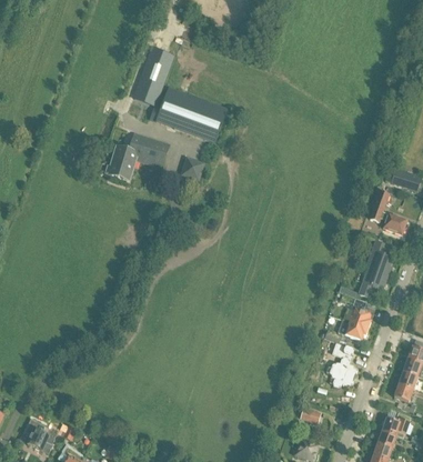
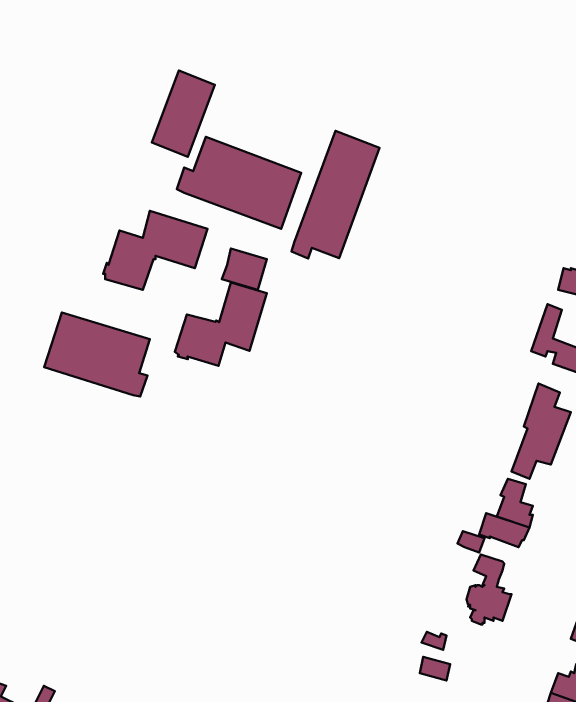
building: none -> [292,131,379,259]
building: none -> [175,282,267,366]
building: none -> [44,312,150,396]

